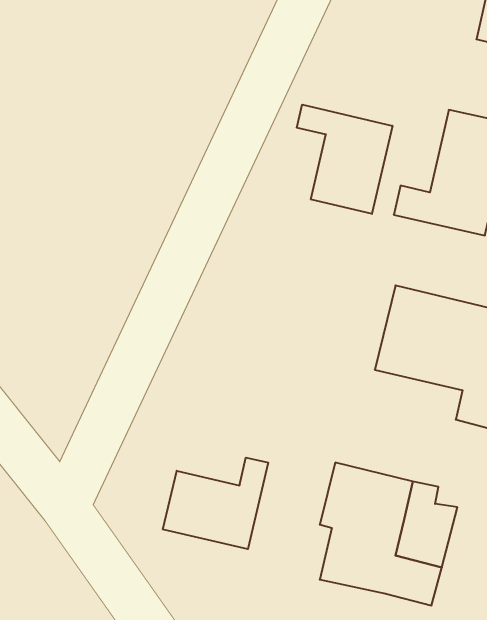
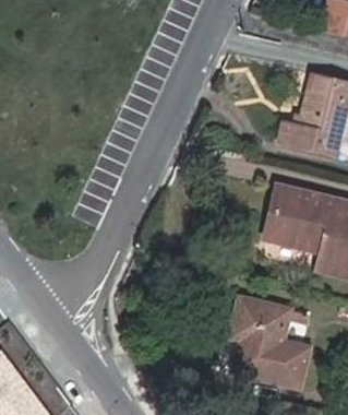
building: [297,105,392,214] -> none
building: [163,458,268,549] -> none

